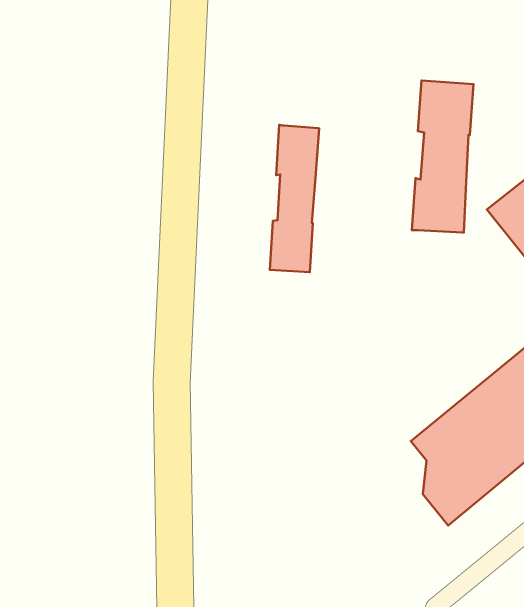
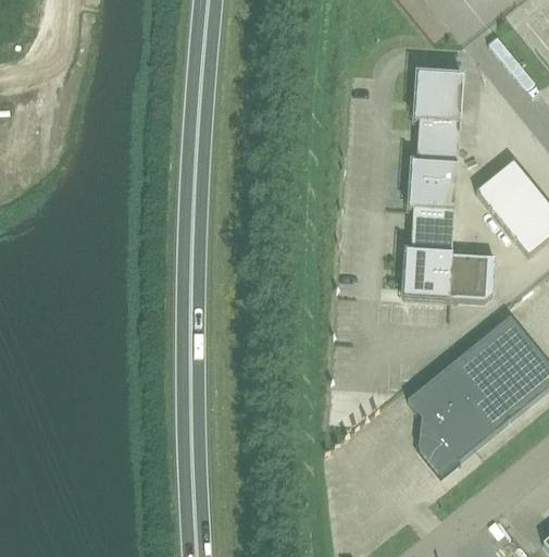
building: [270,125,319,272] -> none
building: none -> [403,208,496,300]

